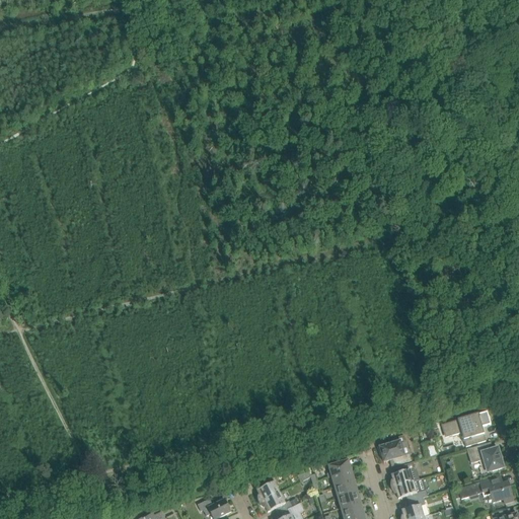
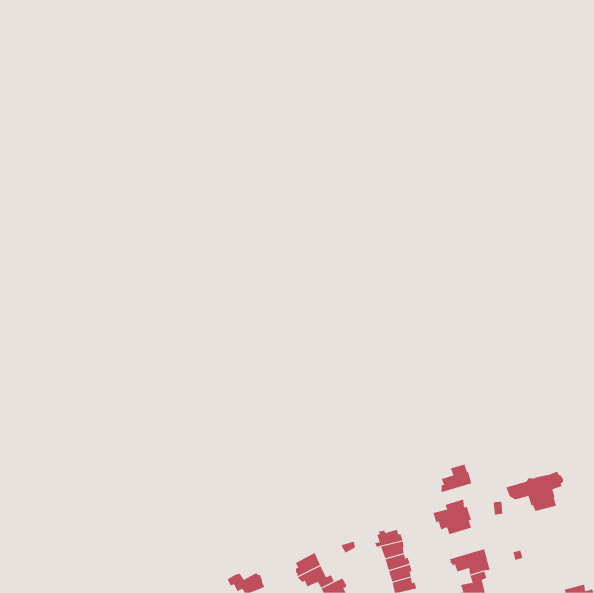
building: [466,442,504,472] -> none
building: [391,462,419,488] -> [441,464,472,493]
building: [458,476,514,504] -> none

